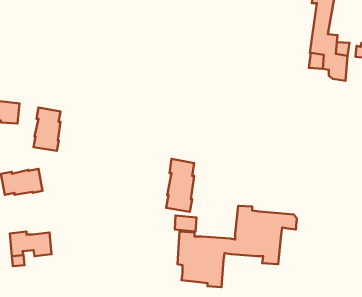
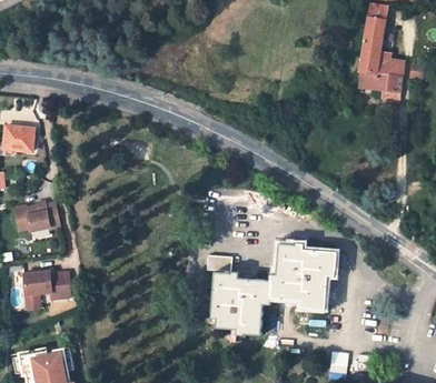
building: [34,107,61,151] -> none
building: [166,159,194,212] -> none

